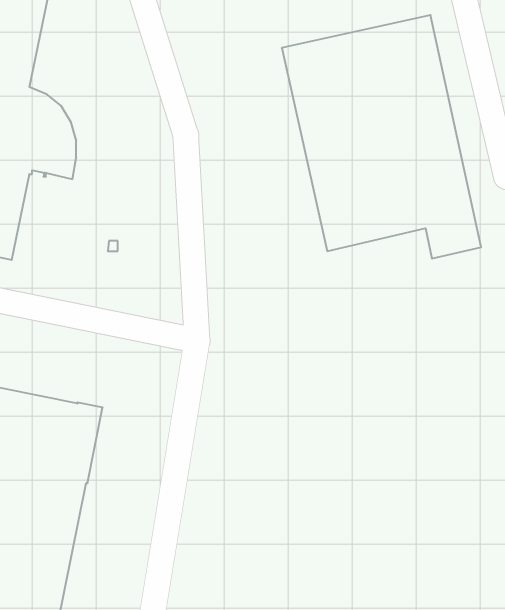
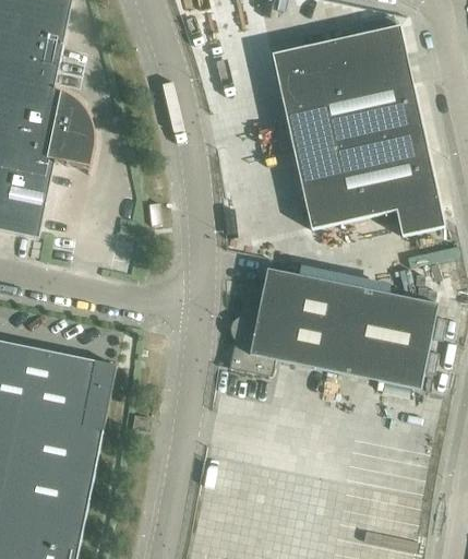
building: none -> [228,267,436,388]

